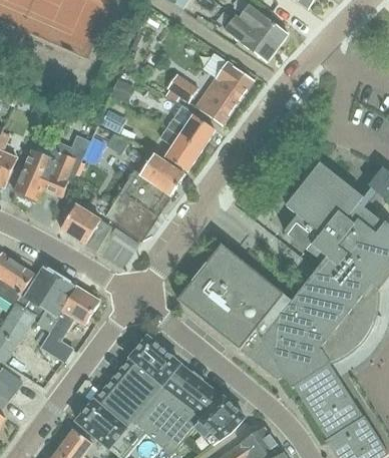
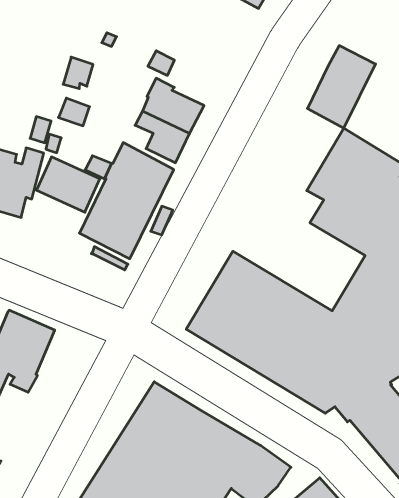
building: [196,60,253,124] -> [307,46,376,128]
building: [61,203,111,250] -> [36,157,100,212]
building: [40,286,99,362] -> none

